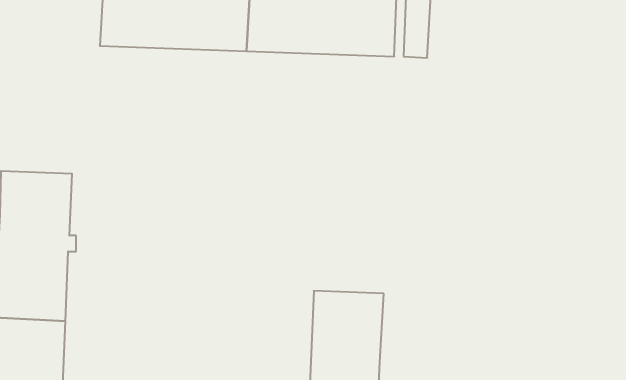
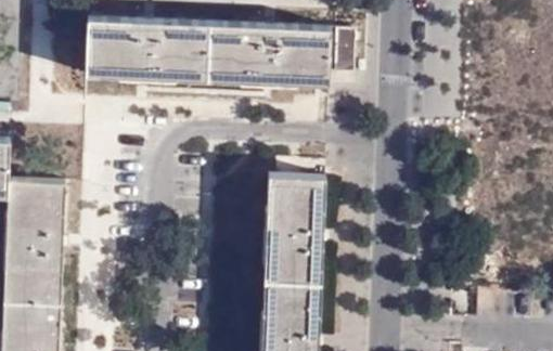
building: none -> [263,172,325,278]

